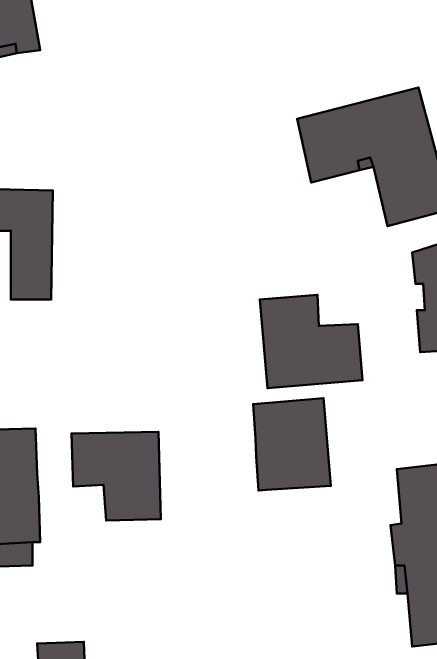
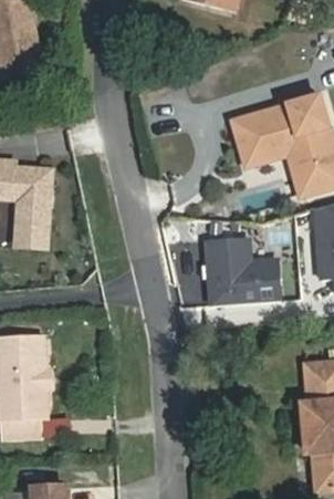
building: [253,398,331,491] -> none
building: [72,432,161,521] -> none

